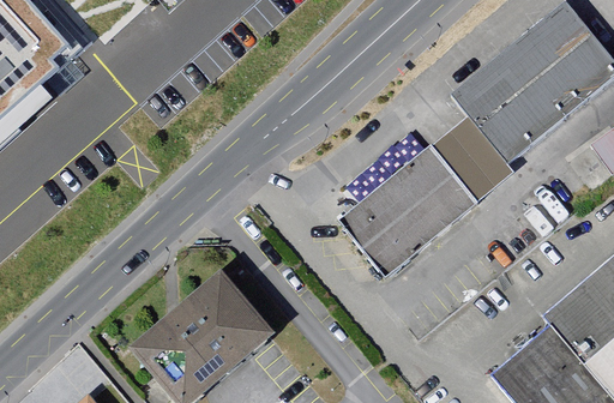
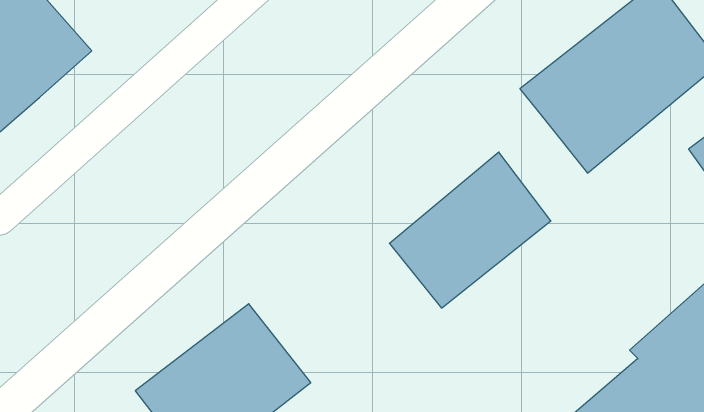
building: [432,115,516,204] -> none

